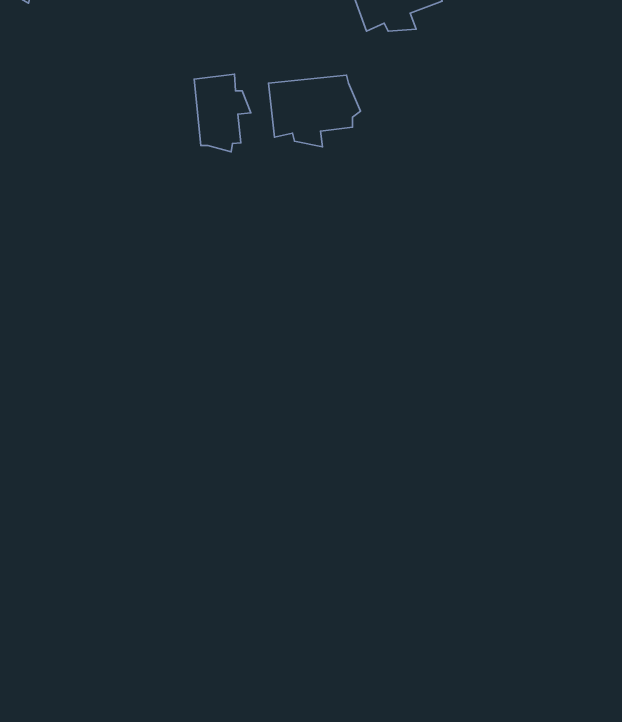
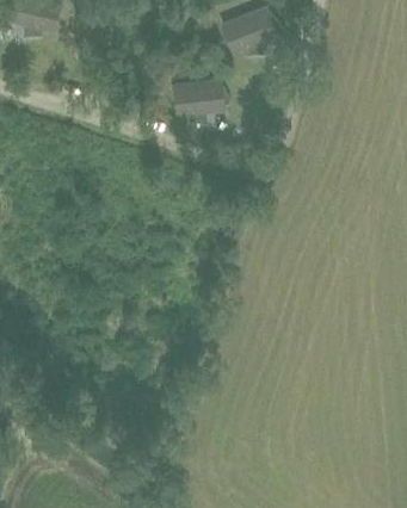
building: [194,74,251,152] -> none

